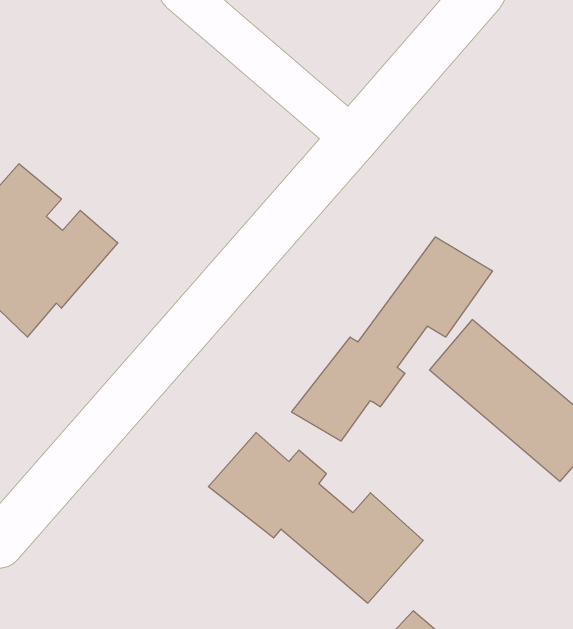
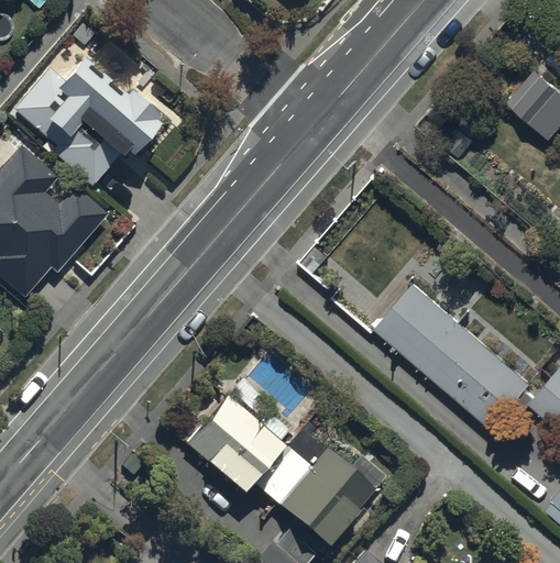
building: none -> [7,60,161,190]
building: [292,237,492,441] -> none

